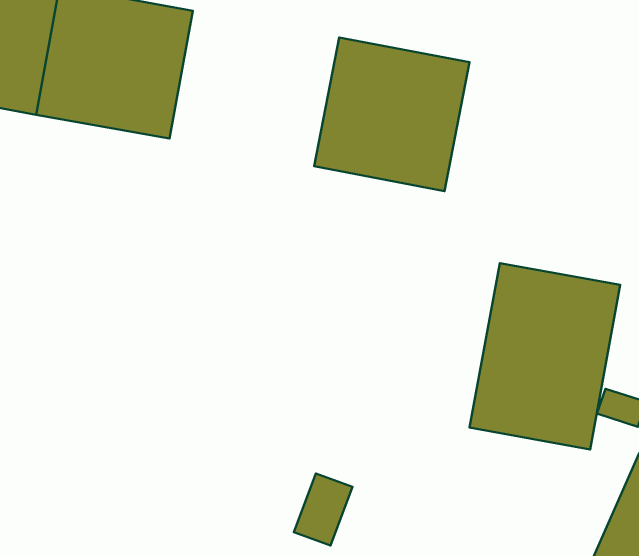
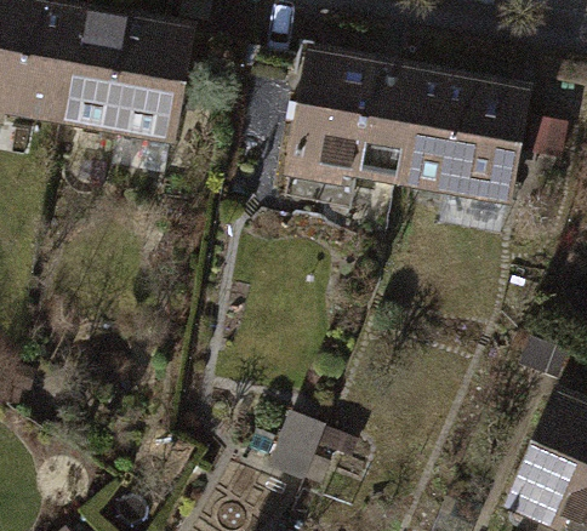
building: none -> [394,74,528,201]
building: [470,263,620,449] -> none

